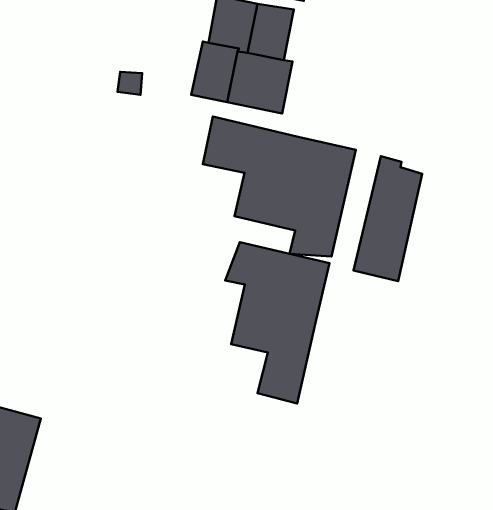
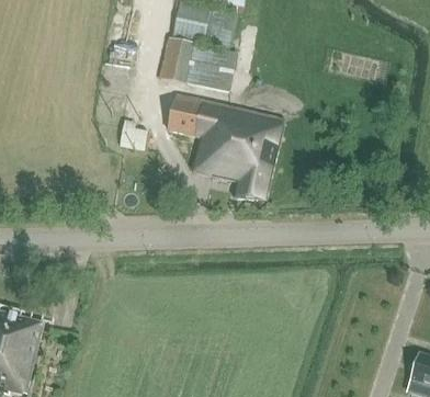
building: [353,156,422,281] -> none
building: [225,242,330,403] -> none

